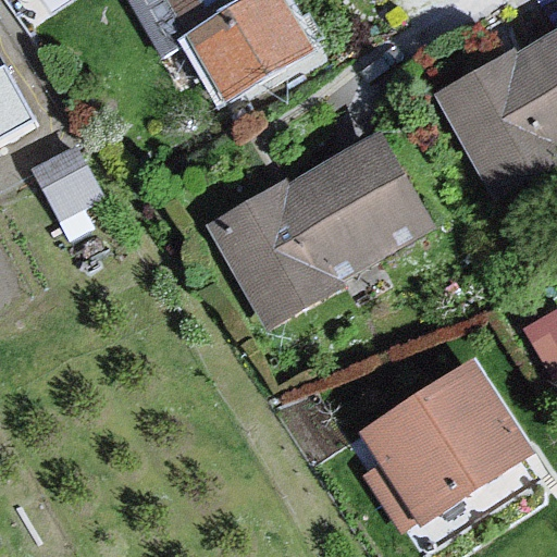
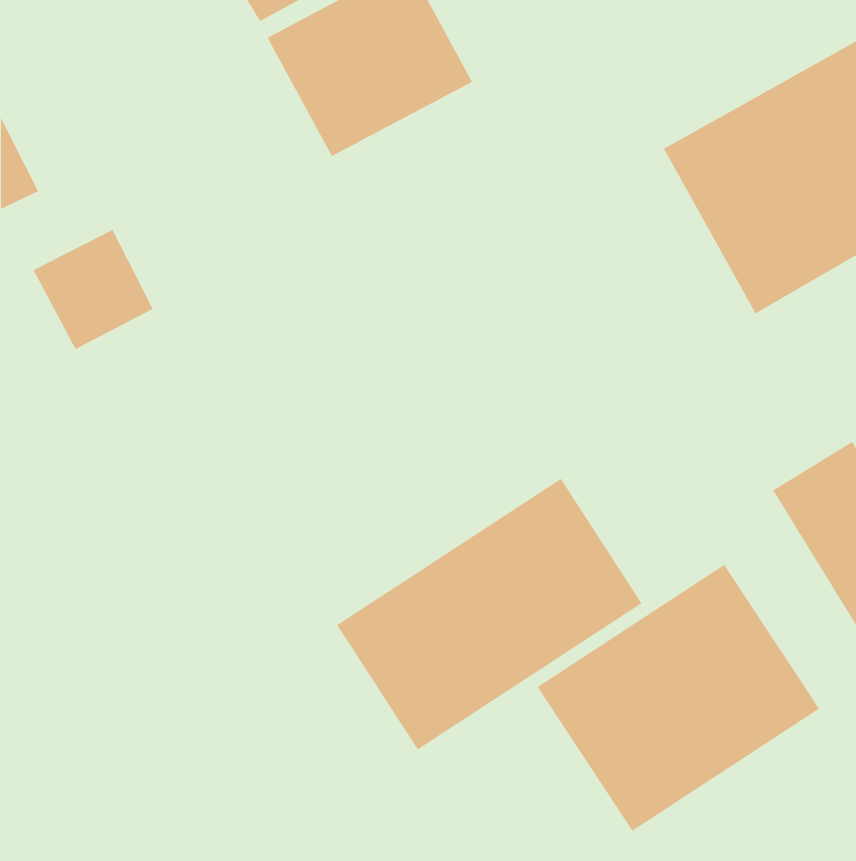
building: [213,125,440,329] -> none
building: none -> [336,478,643,751]

